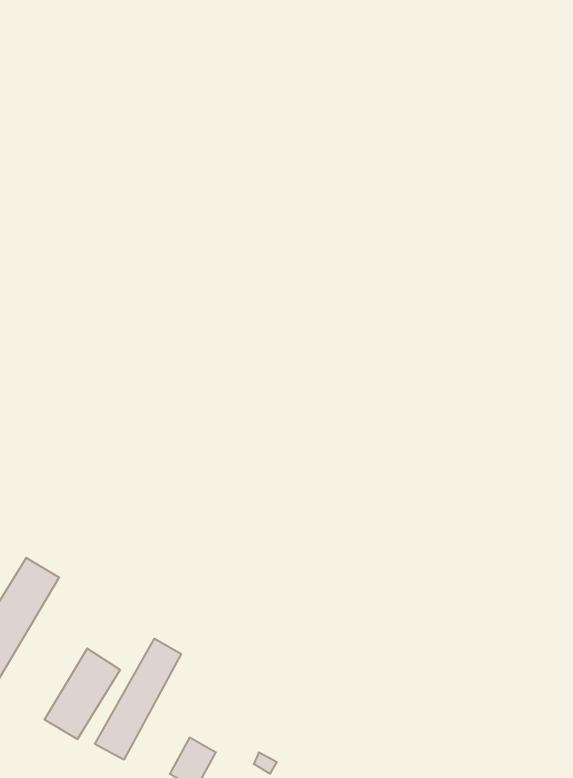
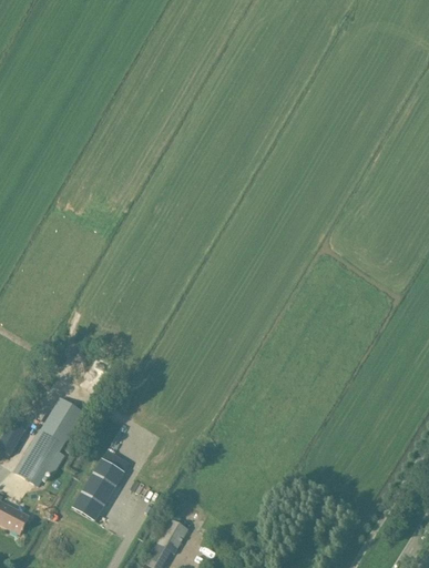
building: [95,639,181,760] -> none

